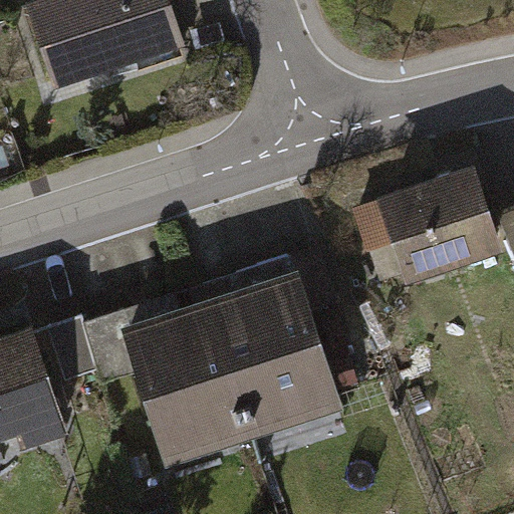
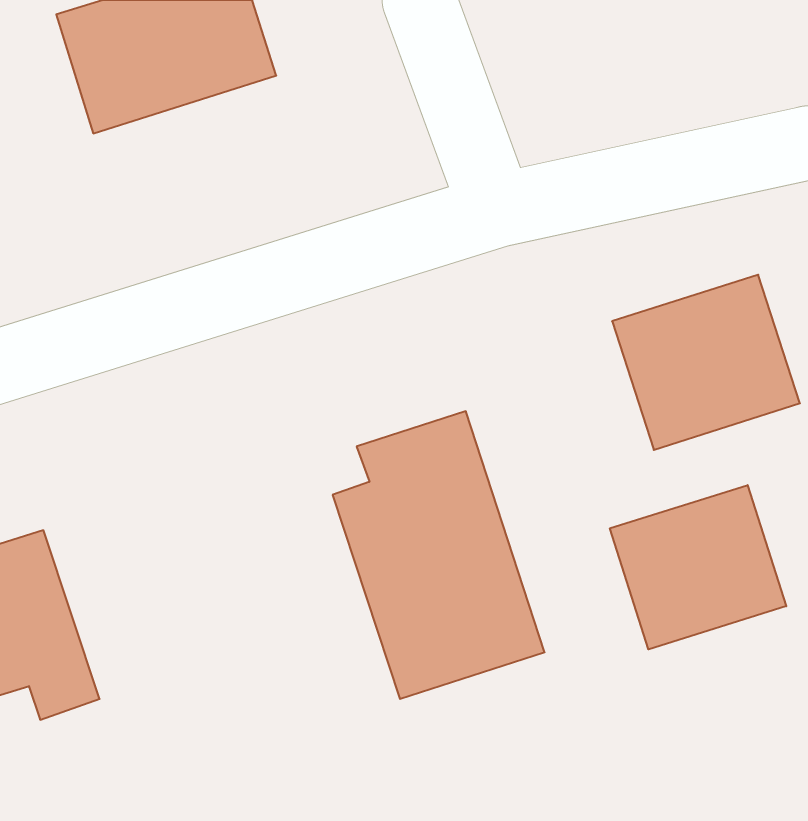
building: [46,296,250,465] -> none
building: none -> [610,485,786,649]

